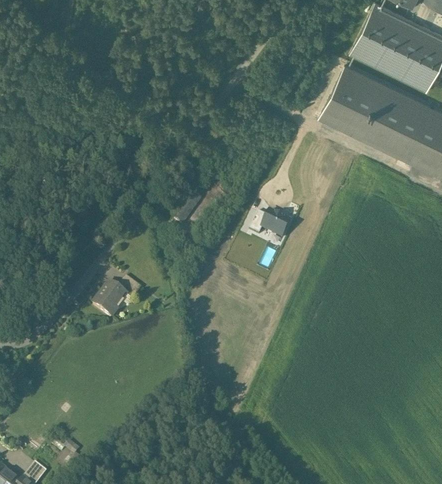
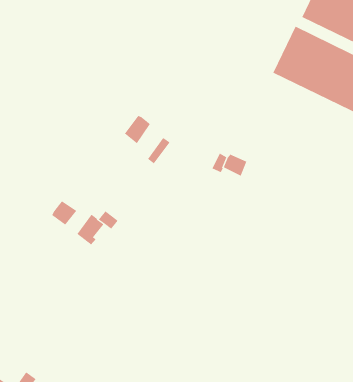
building: none -> [124,115,151,144]
building: none -> [51,200,77,226]

